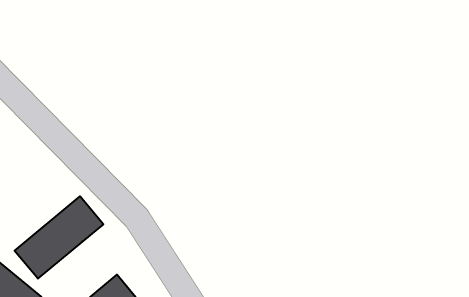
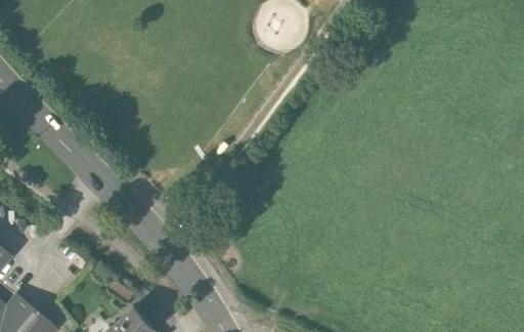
building: [15,196,103,279] -> none

